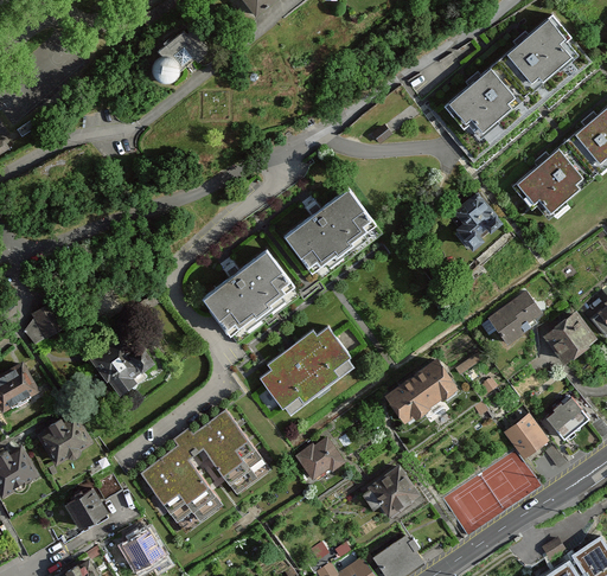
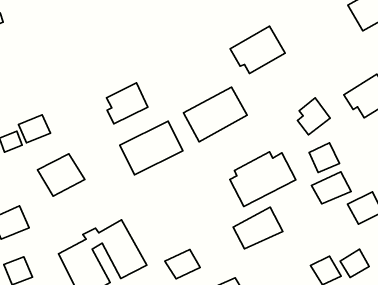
building: [441,59,520,132] -> [230,26,285,73]
building: none -> [107,83,148,124]
building: none -> [309,143,340,173]
building: none -> [18,115,50,143]
building: [262,331,357,416] -> [230,152,296,207]

